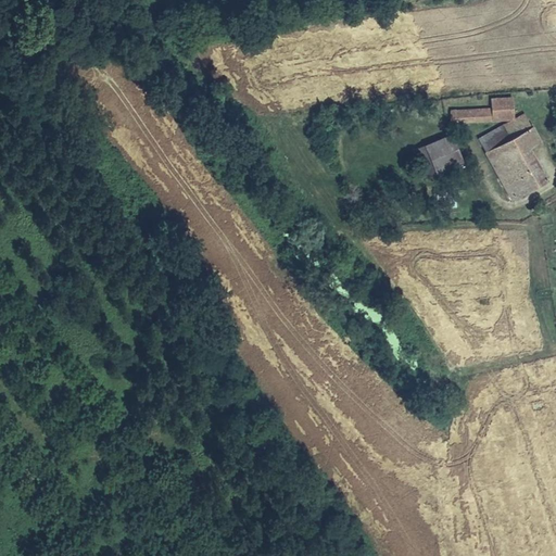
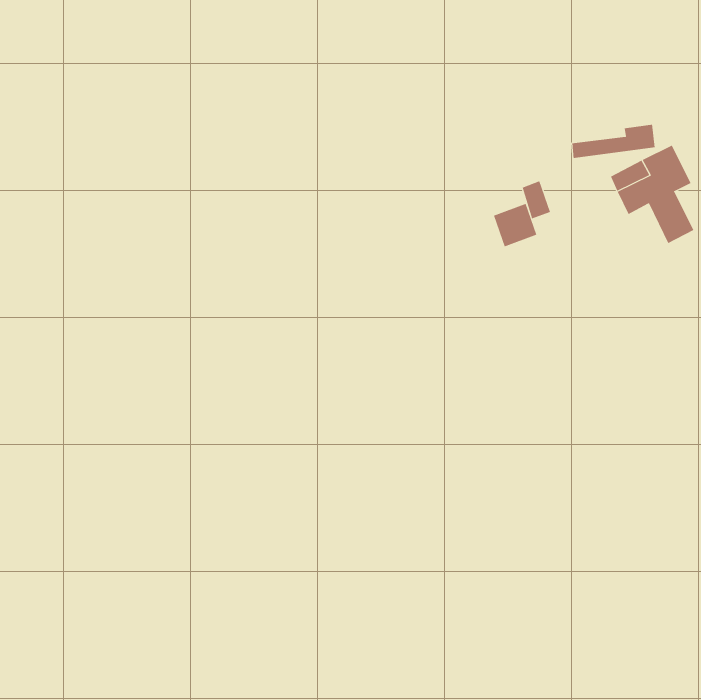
building: [426,132,460,167] -> [493,203,537,247]
building: [495,161,527,200] -> none

